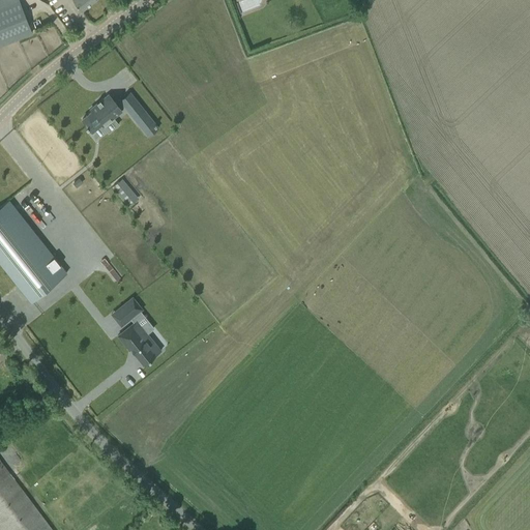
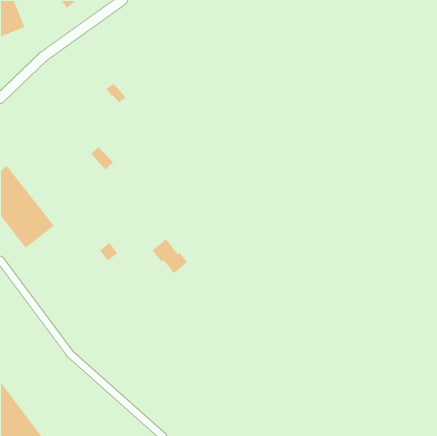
building: [82,93,120,138] -> none
building: [117,320,161,363] -> [152,238,188,274]

